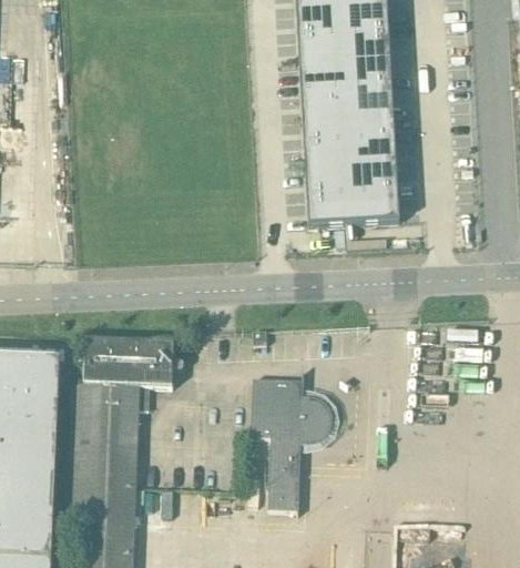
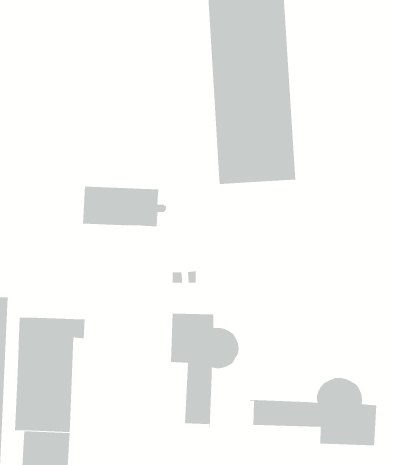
building: [83,337,183,385] -> [82,186,167,227]
building: none -> [249,377,386,446]

